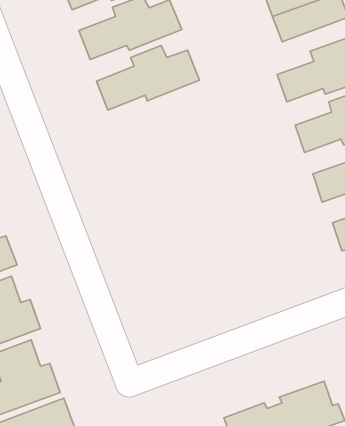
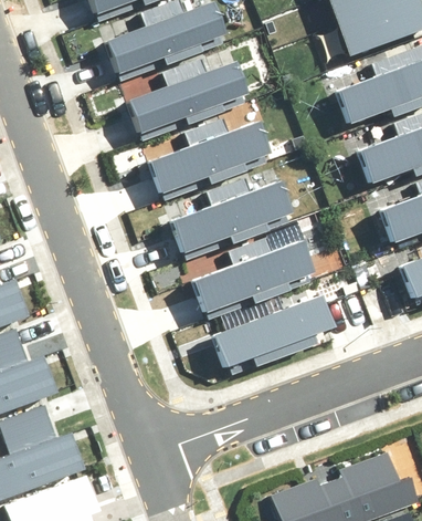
building: none -> [150,118,272,195]
building: none -> [170,177,292,253]
building: none -> [192,240,314,316]
building: none -> [212,299,330,368]

